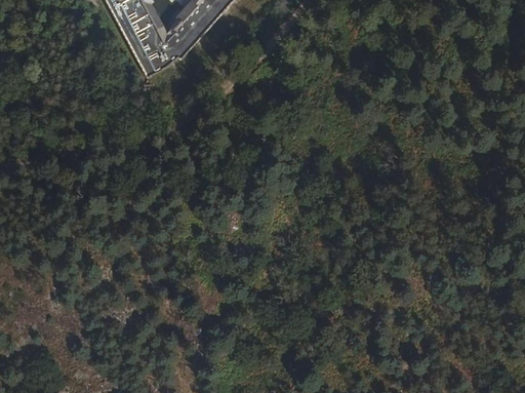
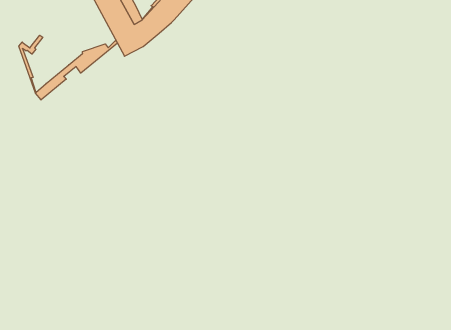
building: none -> [19,35,117,100]

